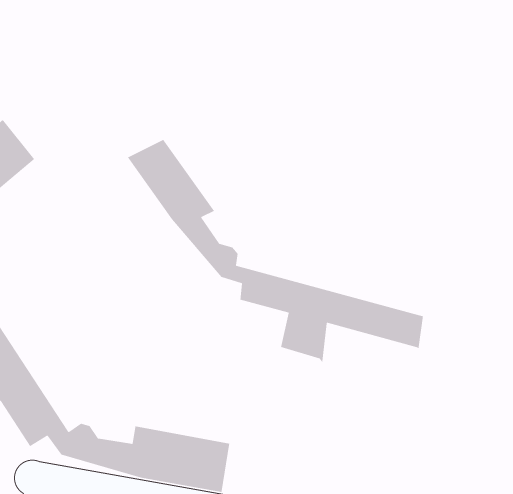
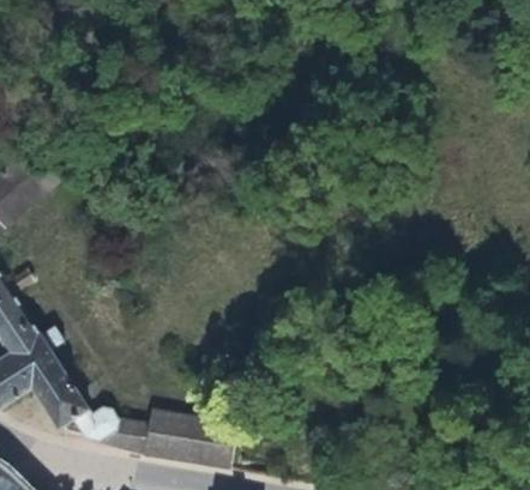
building: [127,139,424,364] -> none

